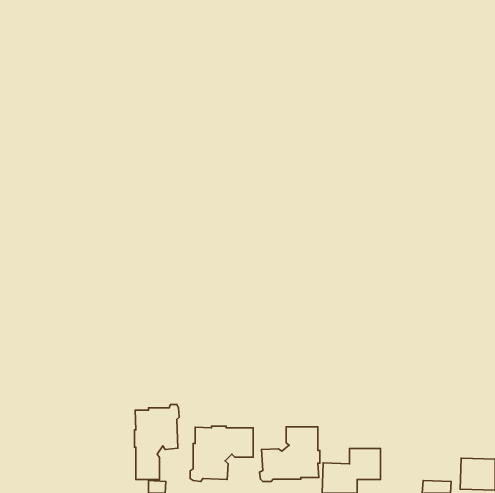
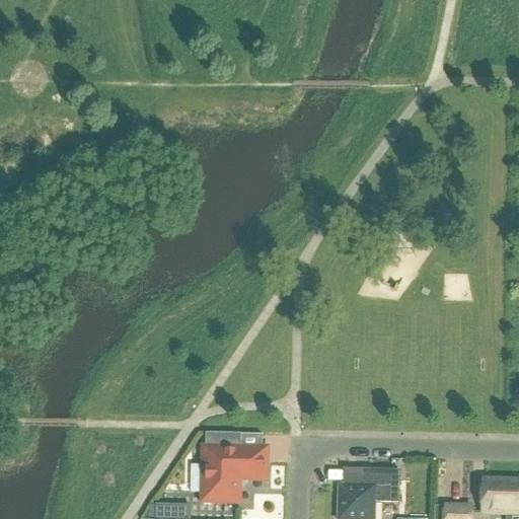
building: [134,404,179,479] -> none
building: [259,427,320,482] -> none

